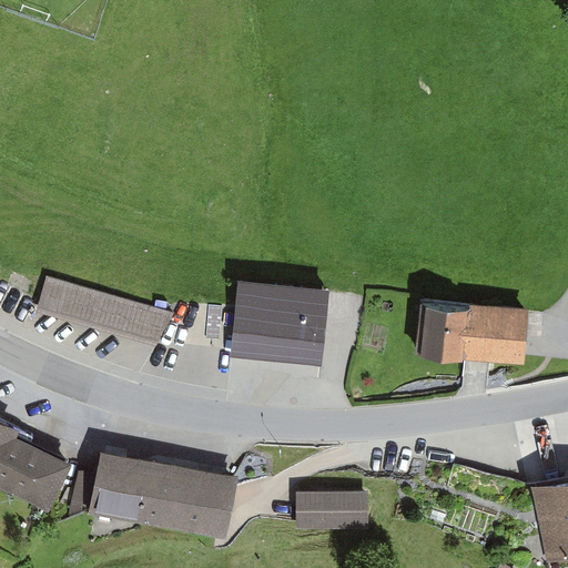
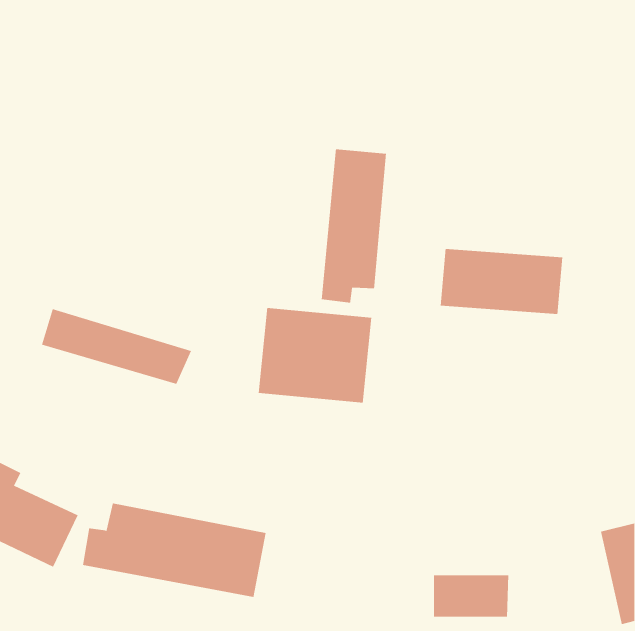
building: none -> [321,149,387,303]
building: [417,300,527,358] -> [440,248,563,314]
building: [298,491,366,529] -> [433,575,509,617]

